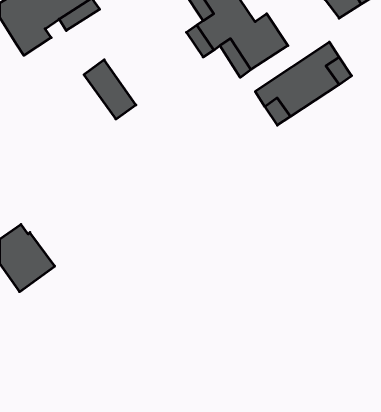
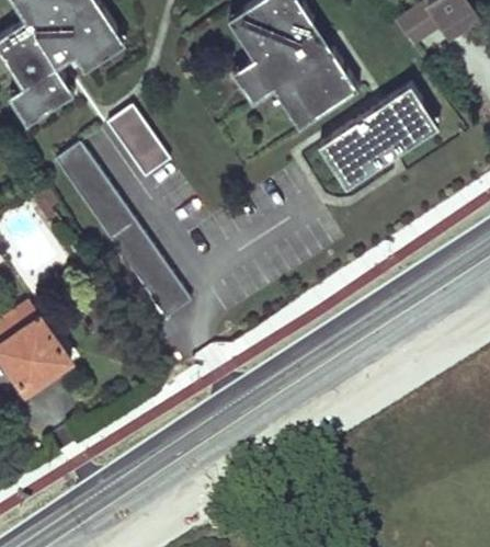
building: none -> [10,78,75,123]
building: none -> [56,143,191,317]

